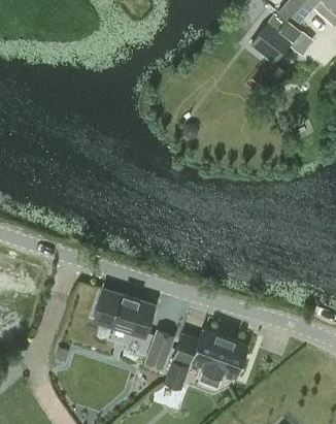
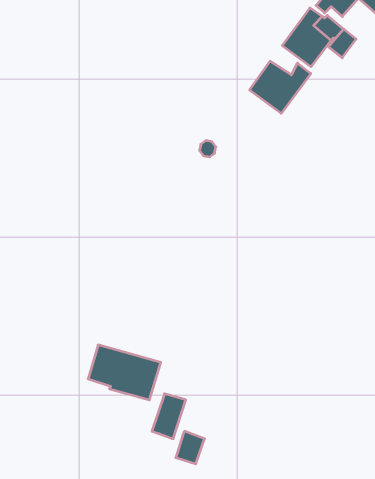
building: none -> [250,61,311,113]
building: [172,329,246,387] -> none

